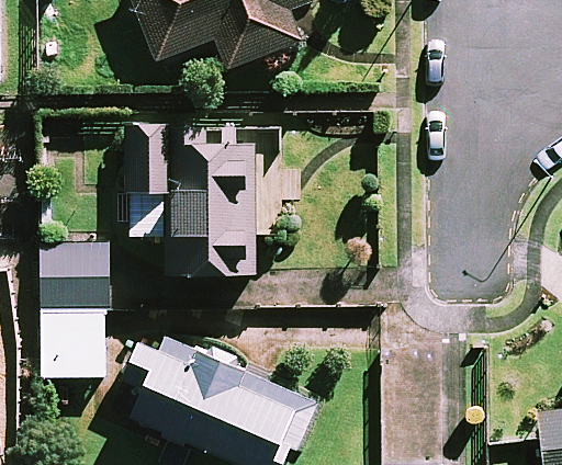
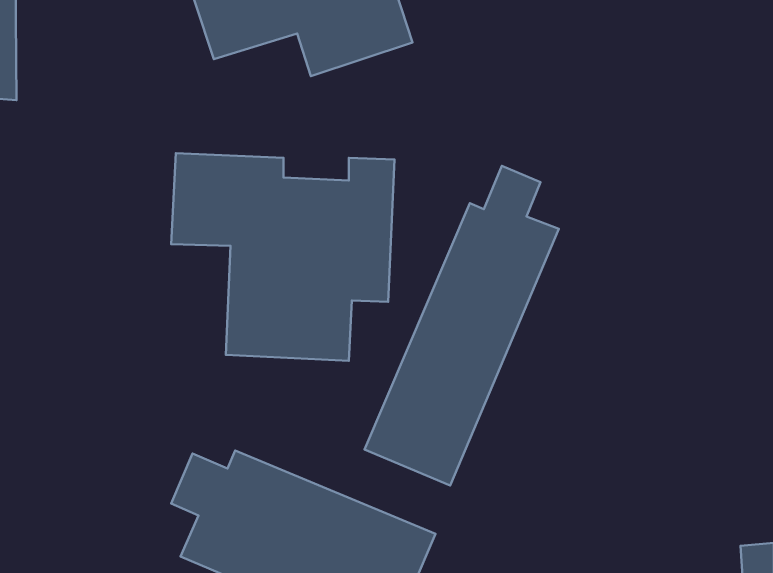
building: none -> [365,166,559,485]
building: [37,243,108,375] -> none

